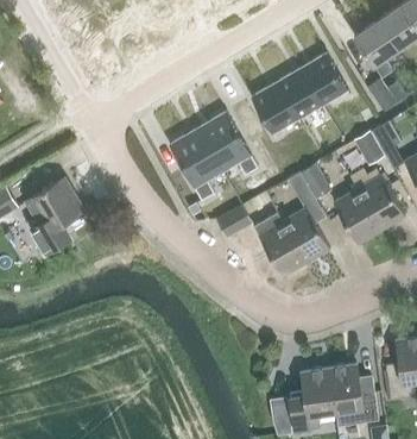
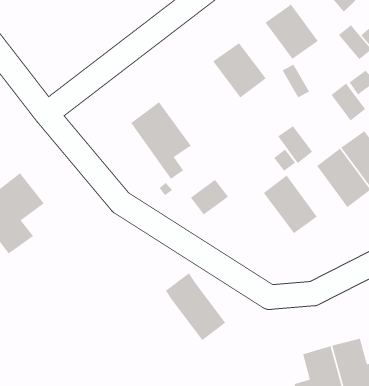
building: [274,69,321,120] -> none
building: [196,114,257,177] -> none
building: [252,214,304,278] -> [165,272,226,341]

